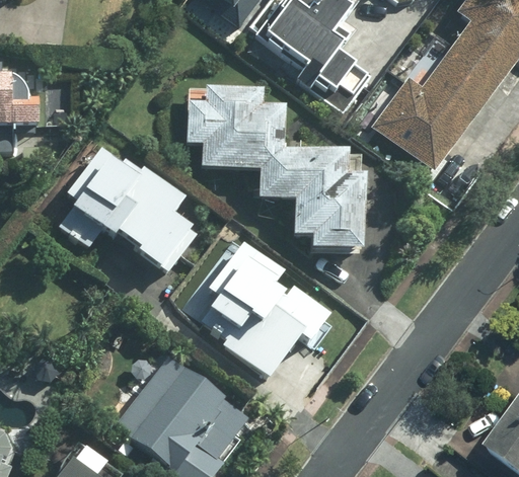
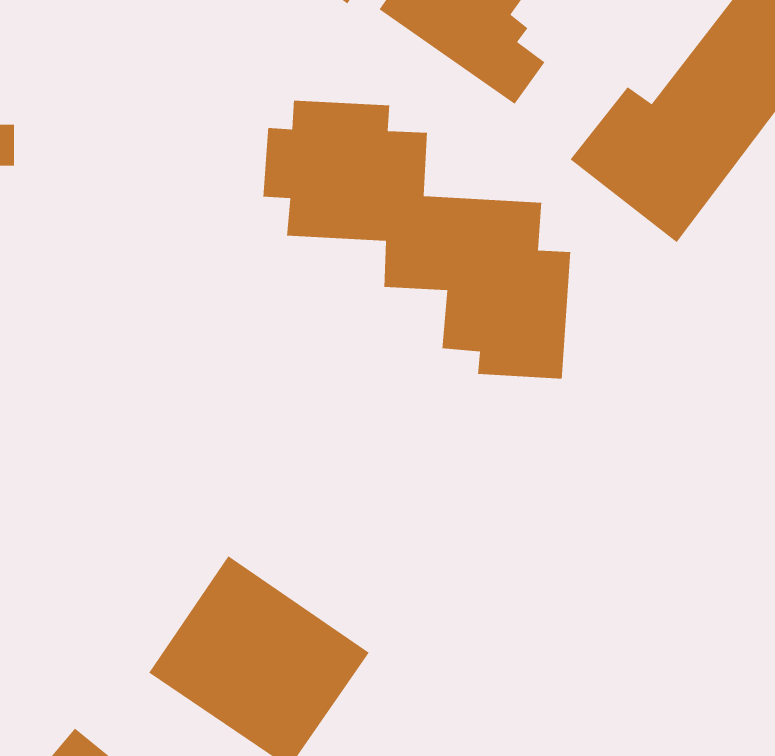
building: [58,147,195,268] -> none
building: [177,234,332,377] -> none

